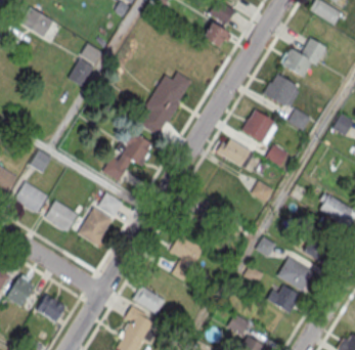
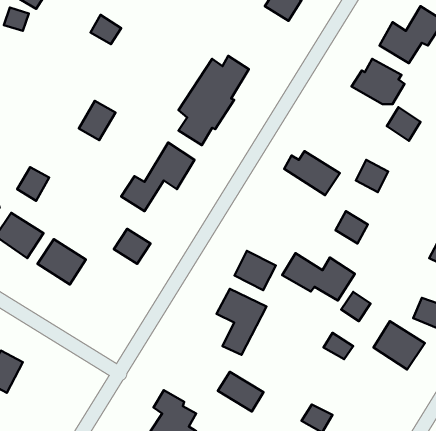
building: [69,58,94,86] -> [79,101,115,140]
building: [242,110,277,144] -> none
building: none -> [234,251,276,290]
building: [78,208,113,247] -> none
building: none -> [282,253,355,301]
building: [267,285,300,312] -> none
building: [133,286,165,313] -> [218,372,263,411]
building: [37,295,65,323] -> none

